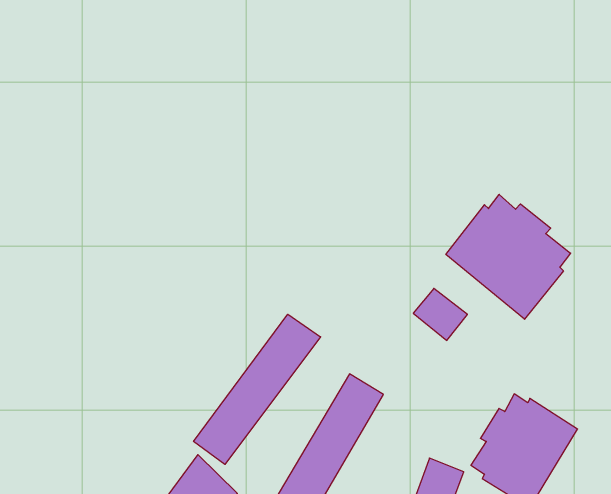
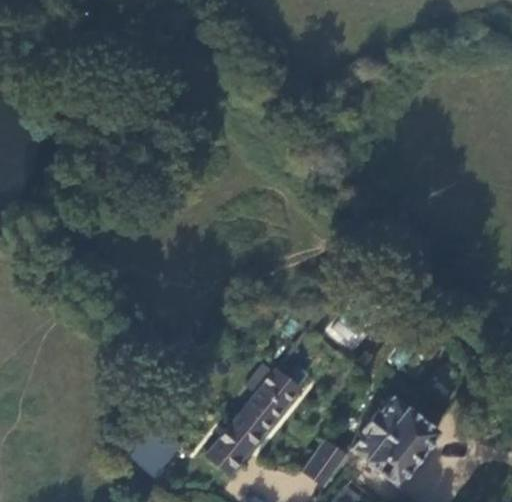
building: [446,194,571,319] -> none
building: [194,314,321,464] -> none

